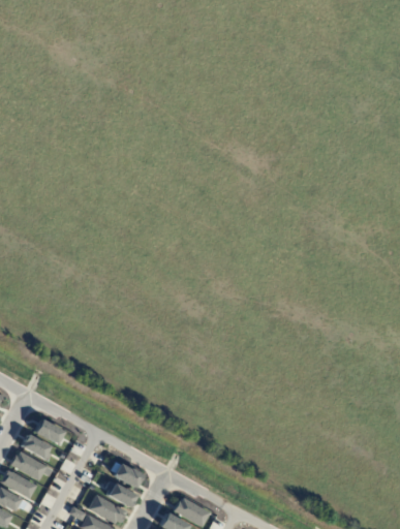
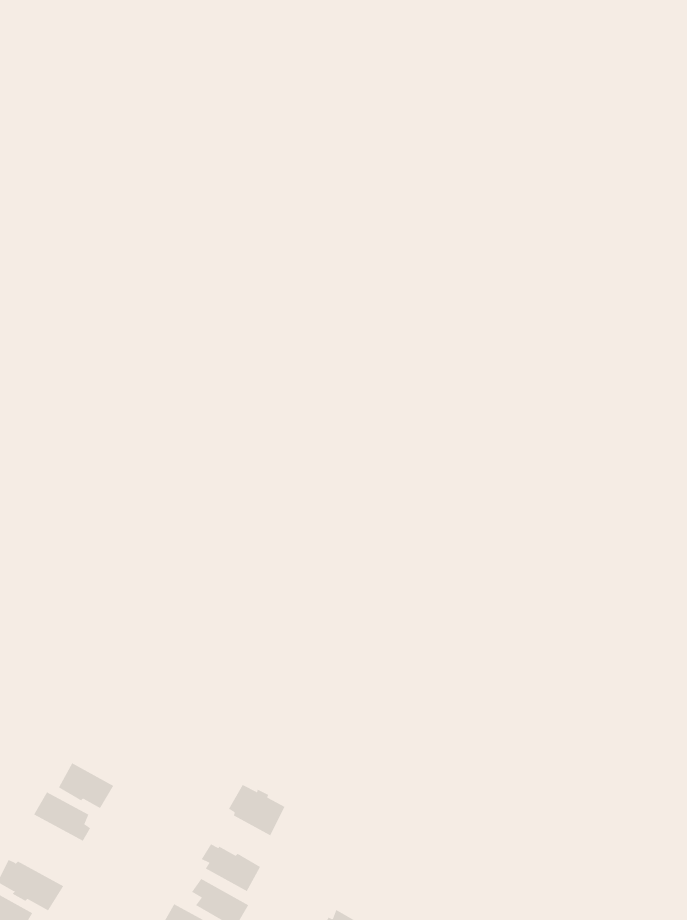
building: none -> [228,784,285,836]
building: [10,452,47,480] -> none

